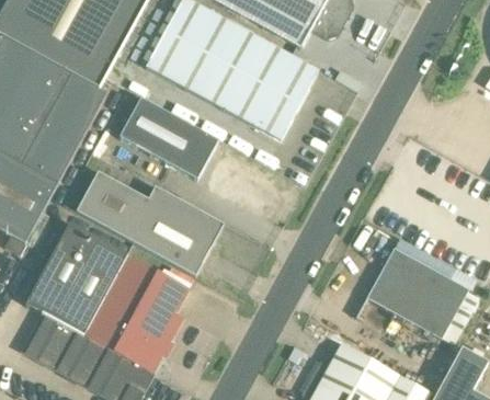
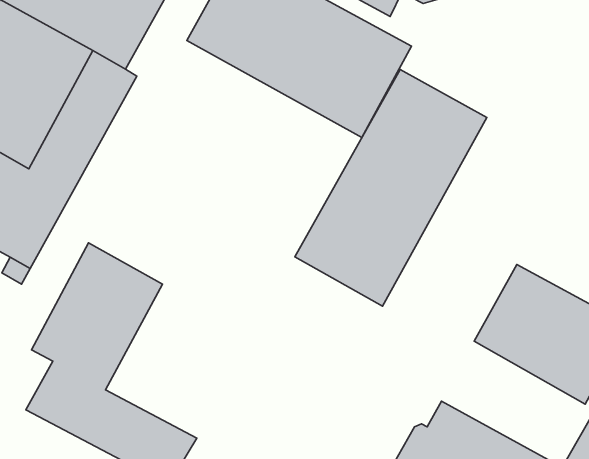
building: none -> [295,70,487,306]
building: [119,96,219,179] -> none
building: [77,171,225,275] -> none
building: [83,253,190,372] -> none

